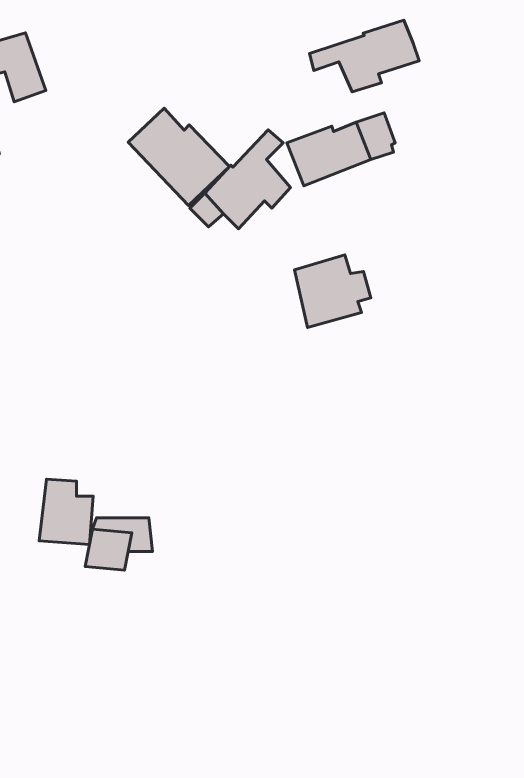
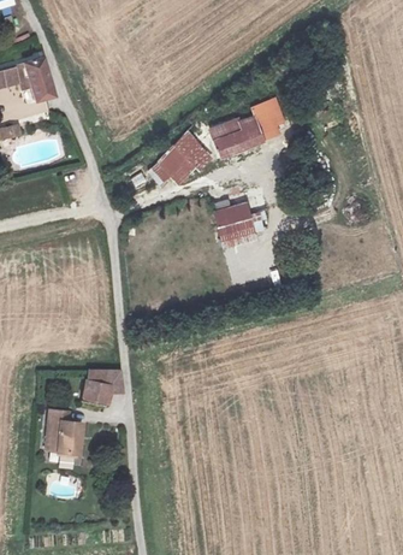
building: [310,20,419,92] -> none
building: [128,108,230,206] -> none
building: [39,479,93,545] -> [46,411,81,453]

